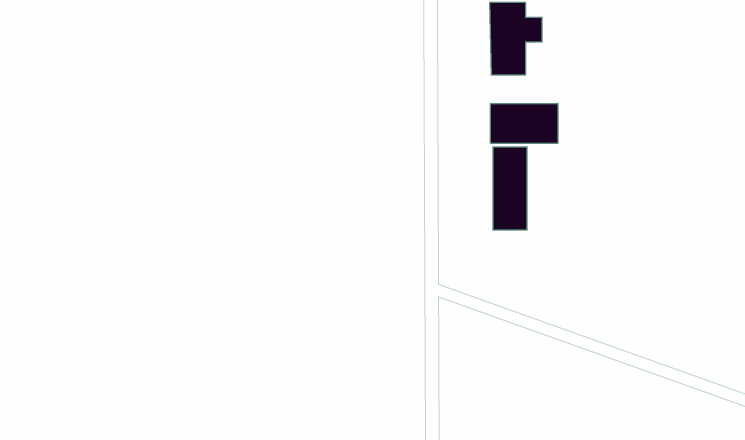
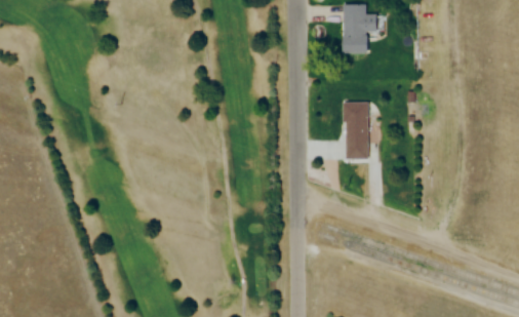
building: [491,103,558,143] -> none

